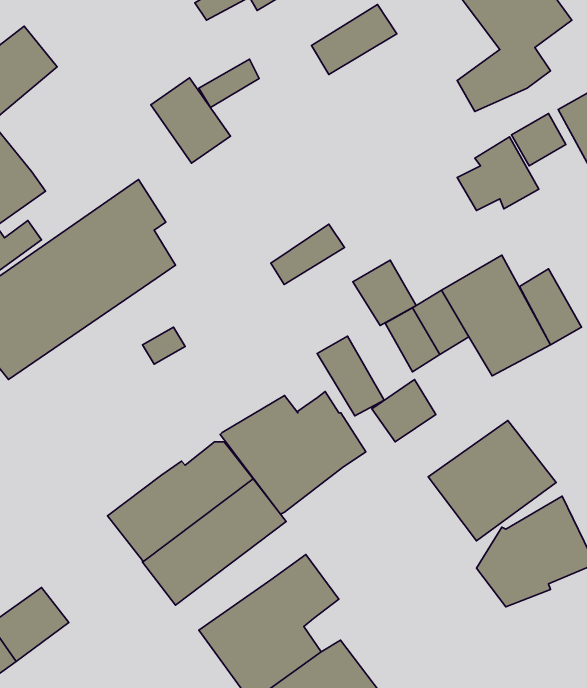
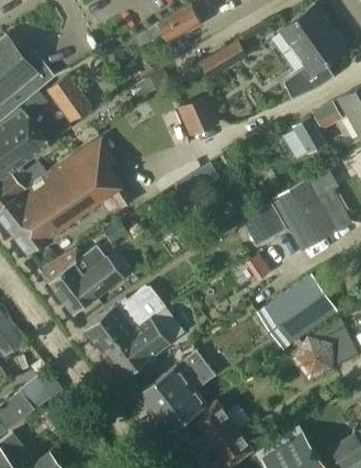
building: [151,78,230,163] -> [46,76,91,124]
building: none -> [176,94,218,137]
building: [353,260,416,325] -> none
building: [317,336,384,416] -> none
building: [220,392,366,514] -> [38,245,121,314]

